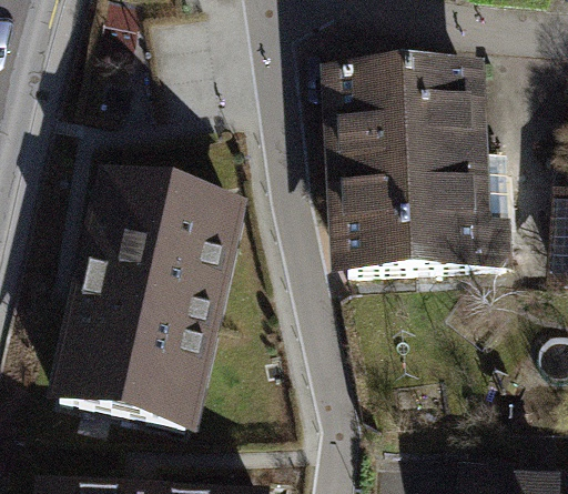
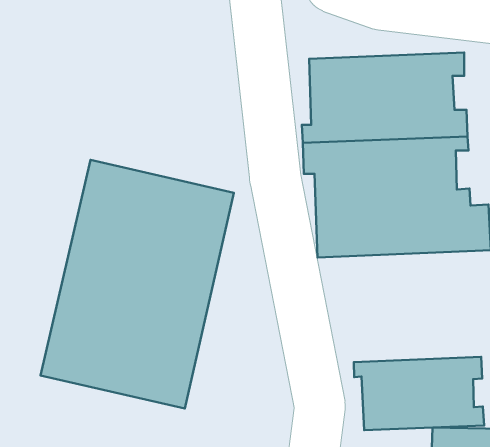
building: none -> [354,357,484,430]

